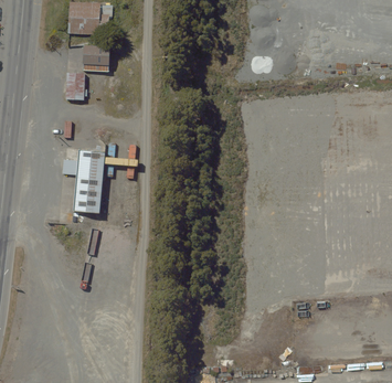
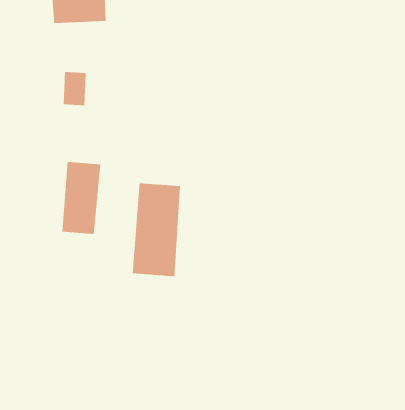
building: [82,45,107,67] -> none
building: none -> [132,182,180,277]

